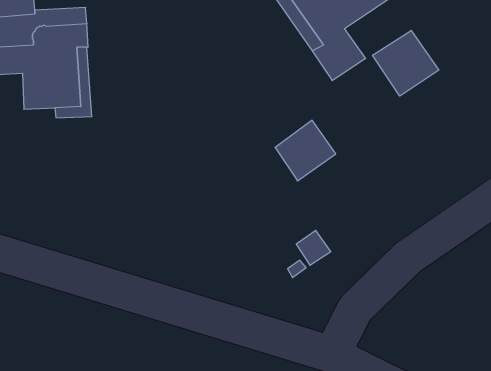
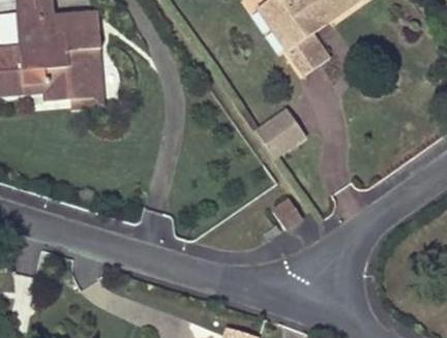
building: [373,30,439,96] -> none

